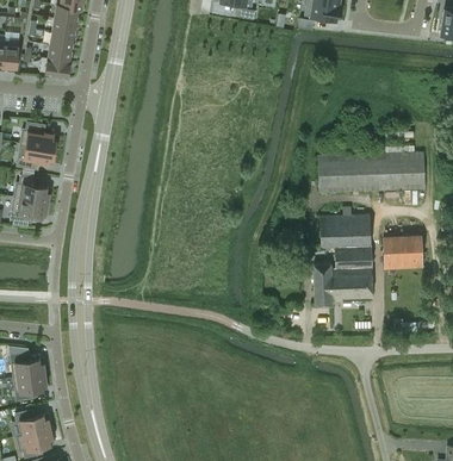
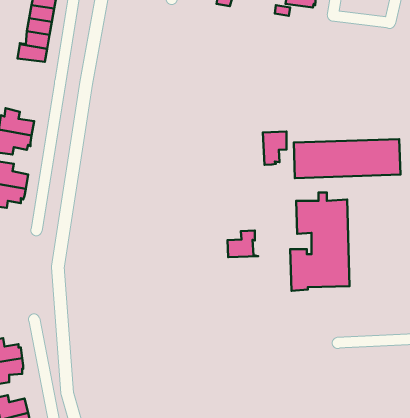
building: none -> [263,132,286,165]
building: [383,238,422,258] -> none
building: none -> [228,230,258,257]

